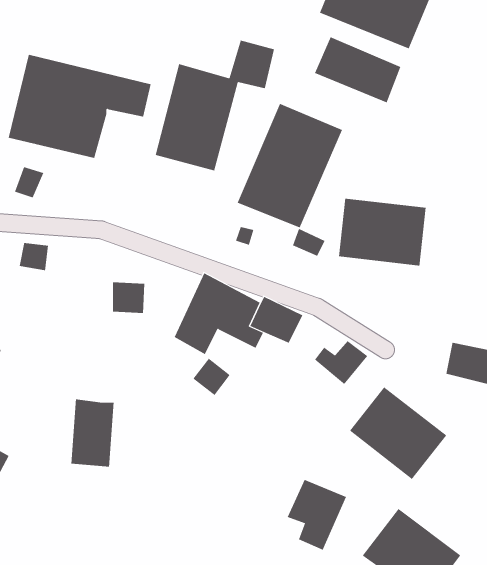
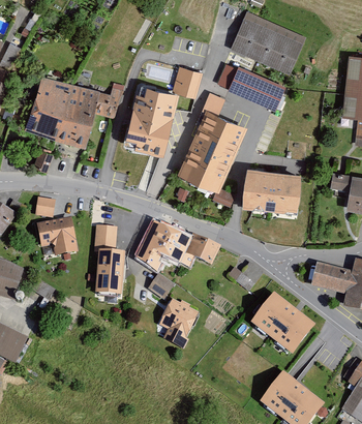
building: none -> [36,217,77,255]
building: [70,399,115,467] -> [95,250,124,295]
building: [287,479,347,551] -> [159,300,199,346]

